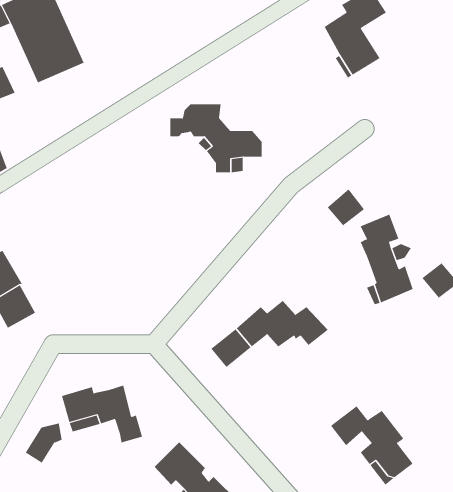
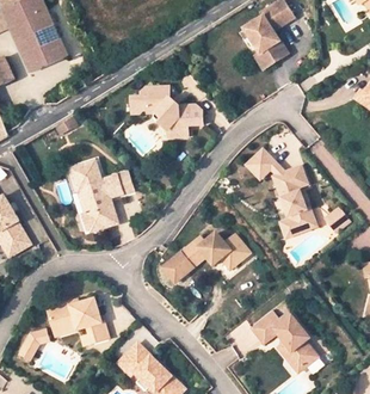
building: none -> [70,158,122,229]

